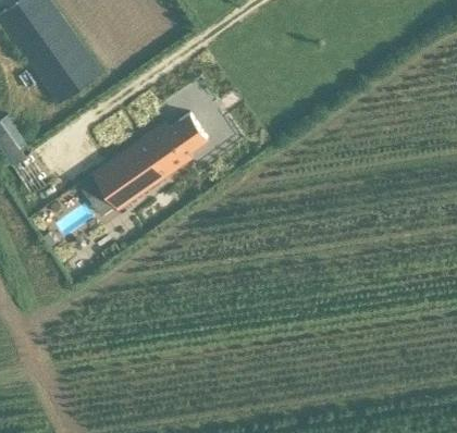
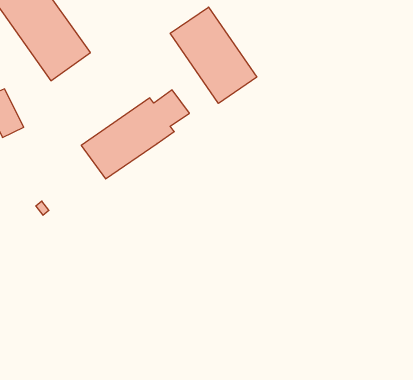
building: none -> [170,7,257,103]

